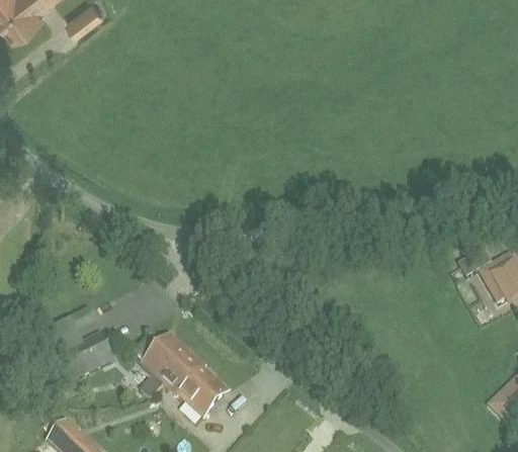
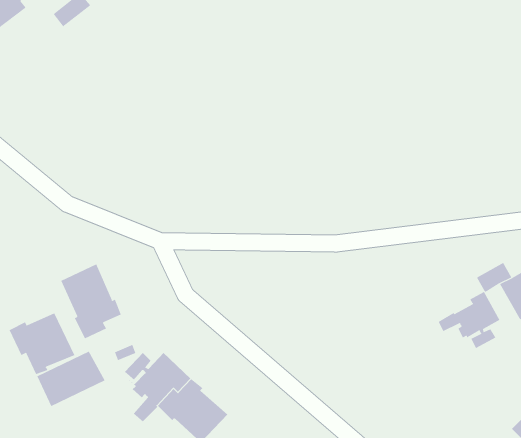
building: none -> [61,263,121,339]
building: none -> [438,291,500,349]
building: none -> [9,313,75,375]

